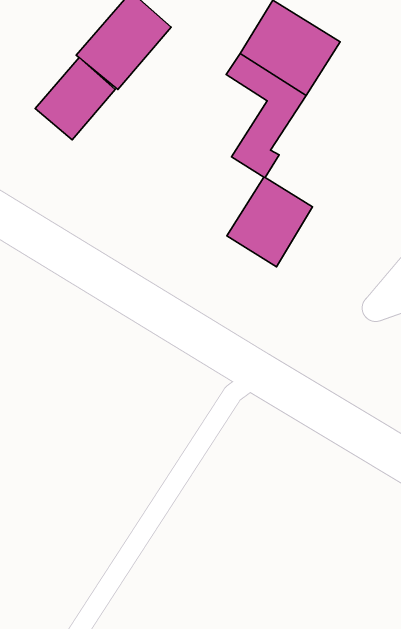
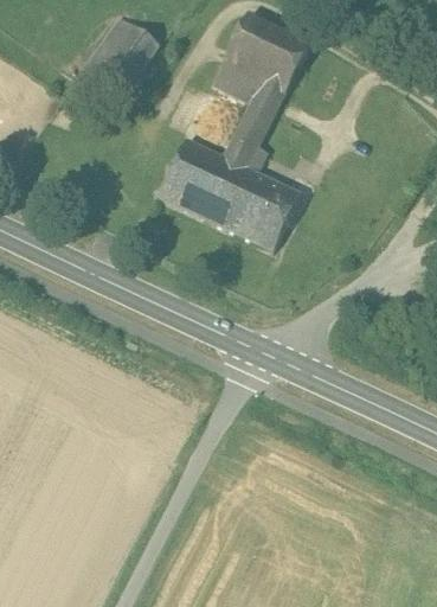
building: [35,57,115,140] -> none
building: none -> [159,138,255,226]

